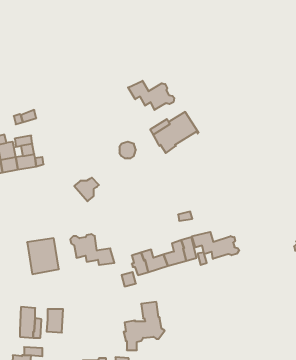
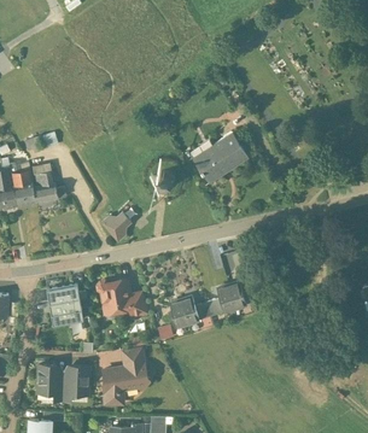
building: [128,81,174,110] -> none
building: [192,232,239,259] -> none
building: [124,302,165,350] -> [101,346,150,403]

